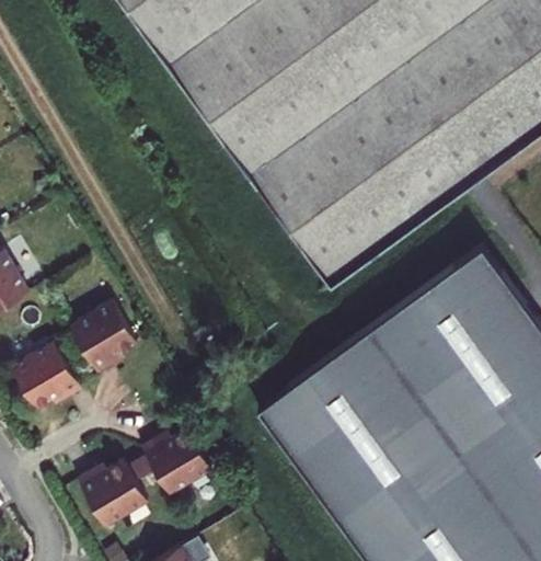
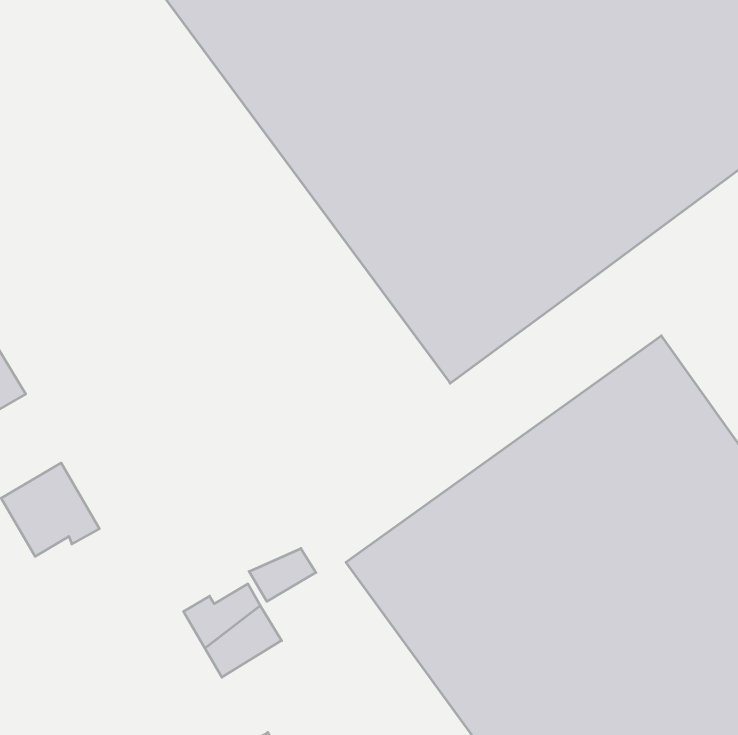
building: [69,298,135,369] -> none
building: none -> [249,548,316,601]
building: [77,457,146,524] -> none

